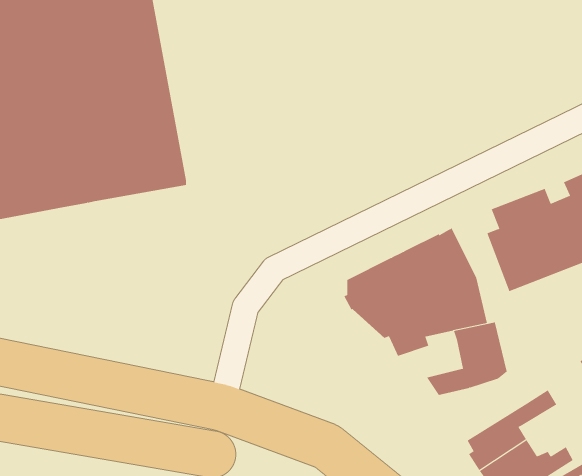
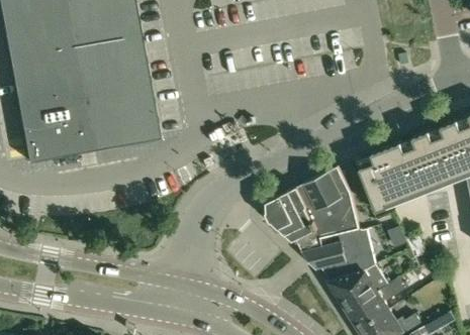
building: none -> [302,243,346,270]
building: none -> [325,264,389,311]

